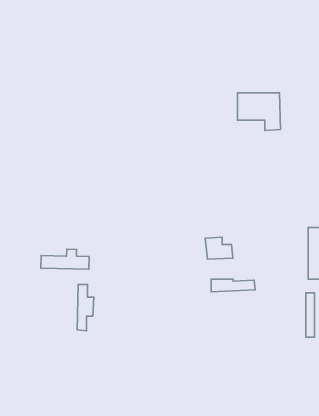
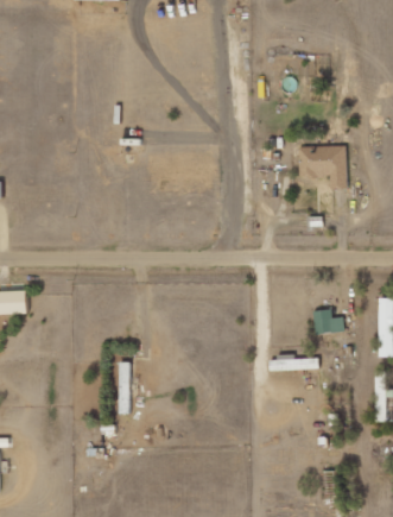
building: [205,237,233,259] -> [312,309,343,334]
building: [41,249,89,269] -> none

